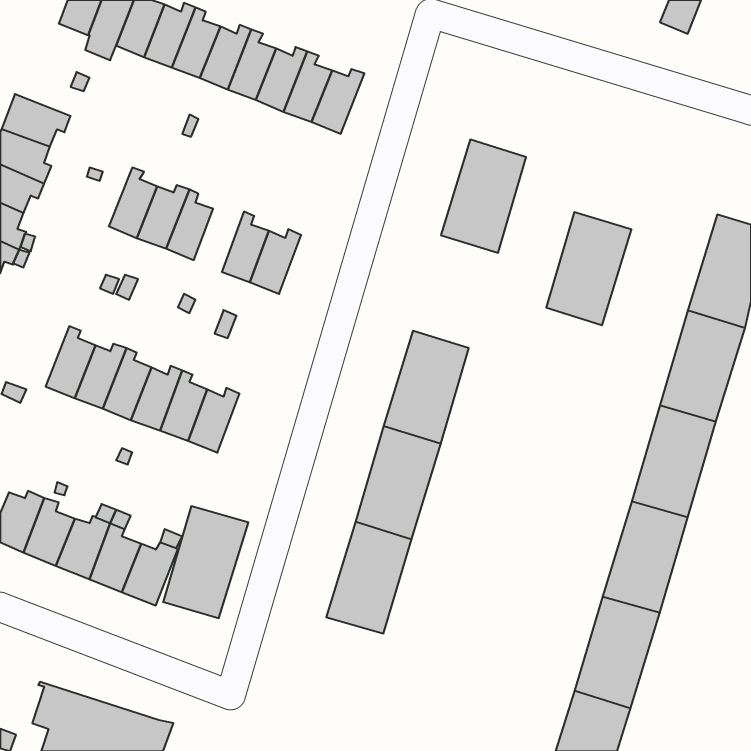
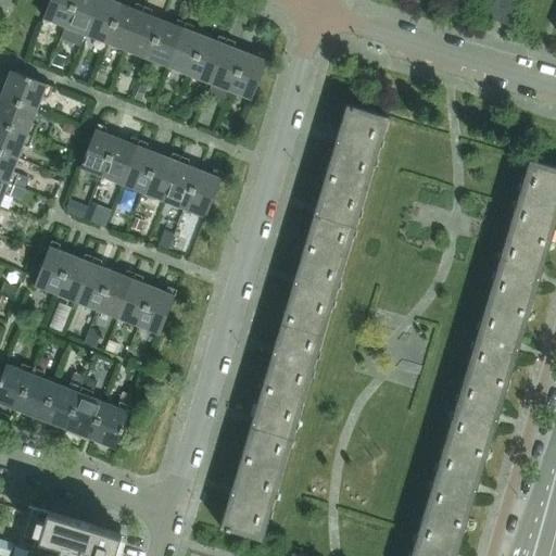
building: none -> [143,153,180,201]
building: [546,212,632,325] -> [305,174,368,257]
building: [163,506,248,618] -> [220,456,283,539]

